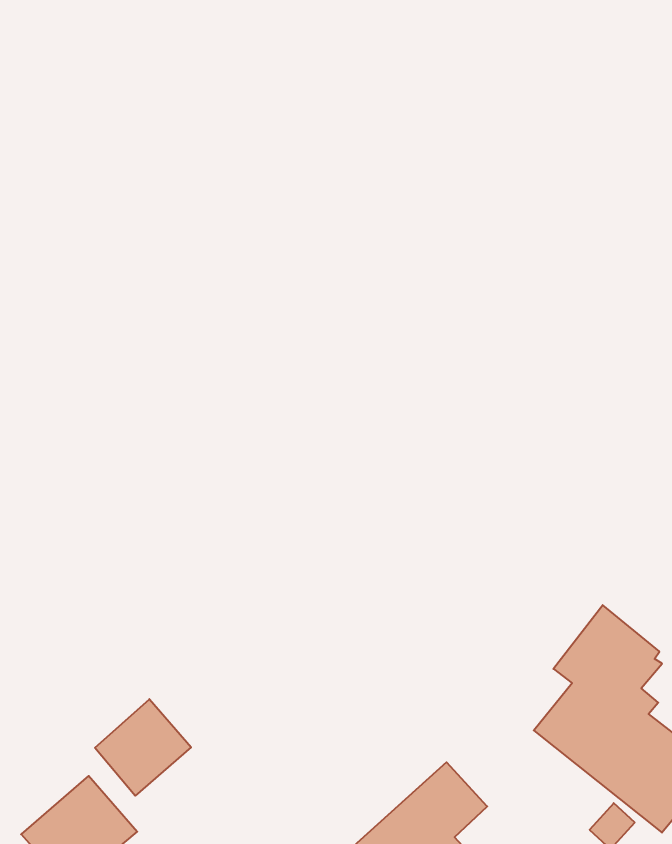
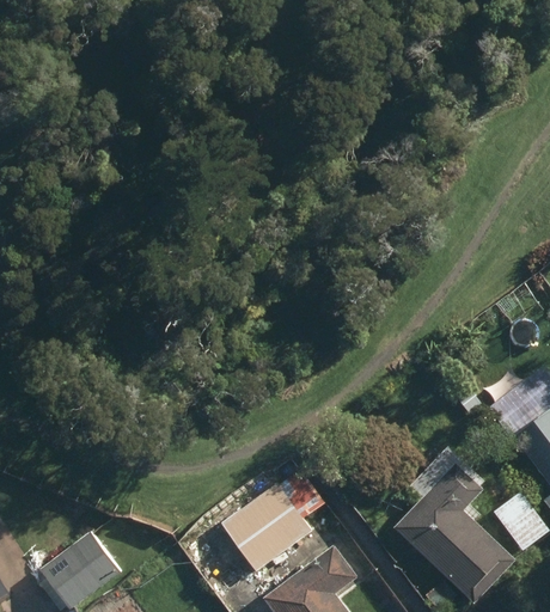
building: none -> [224,483,312,571]
building: [95,699,191,796] -> none

